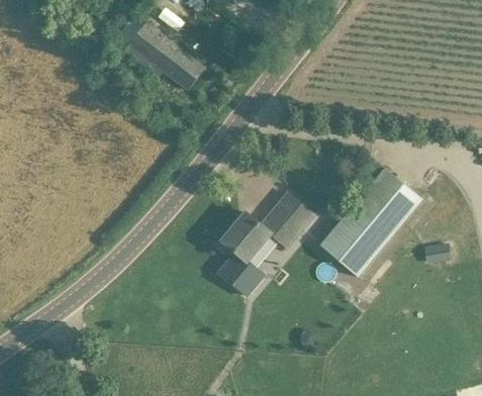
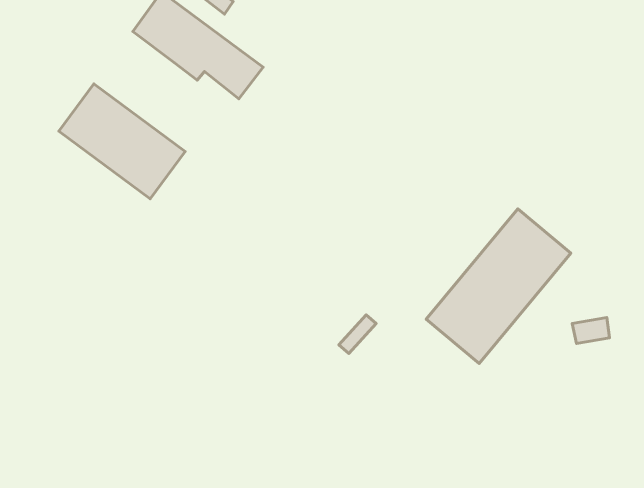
building: none -> [59,84,185,199]
building: [216,192,314,295] -> none

